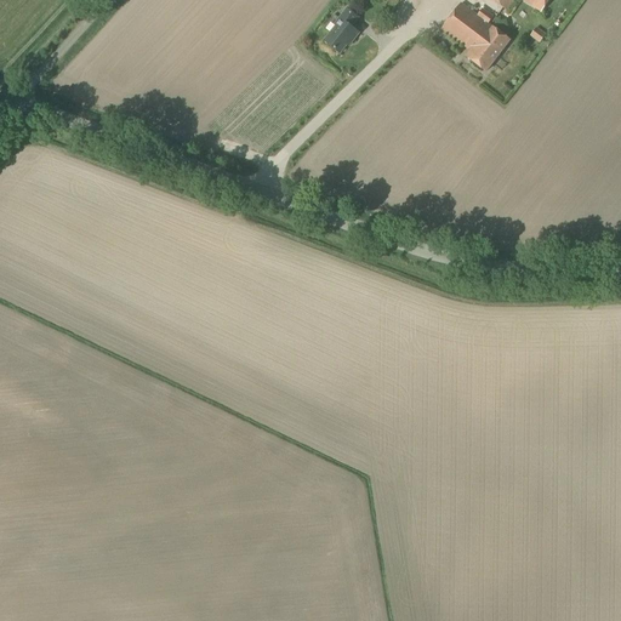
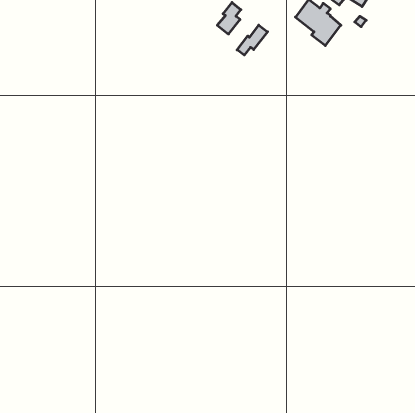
building: none -> [237,25,268,55]

